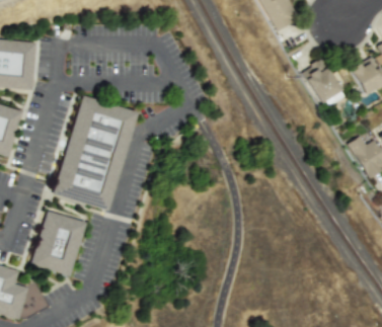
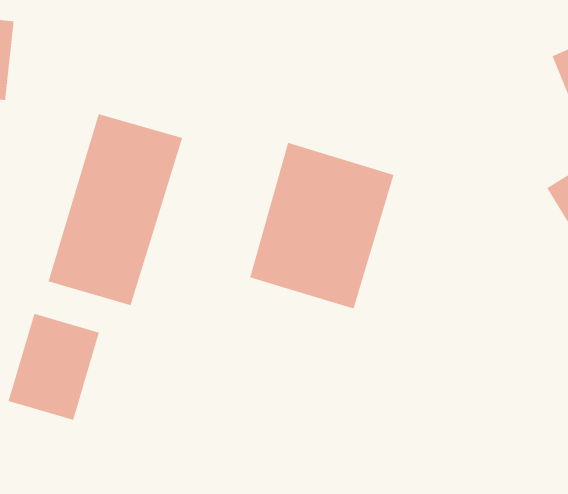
building: [298,56,342,104] -> none
building: none -> [249,142,395,310]

